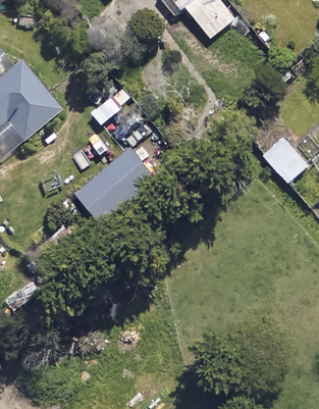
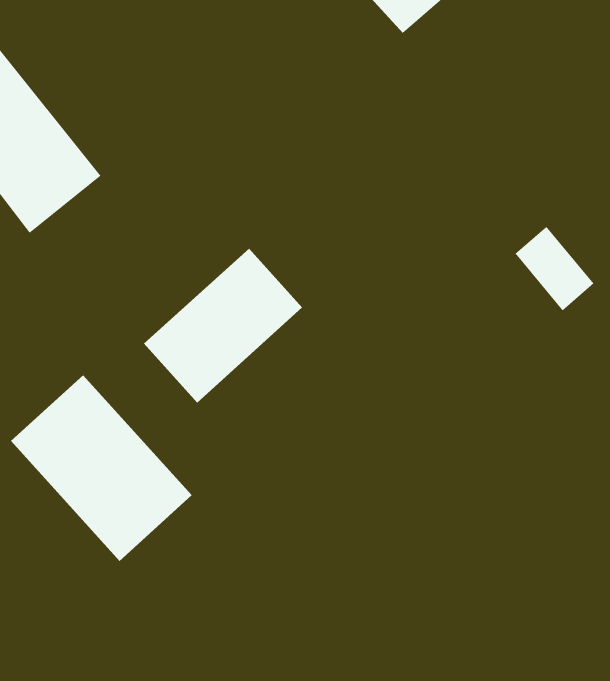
building: none -> [10,374,193,562]

